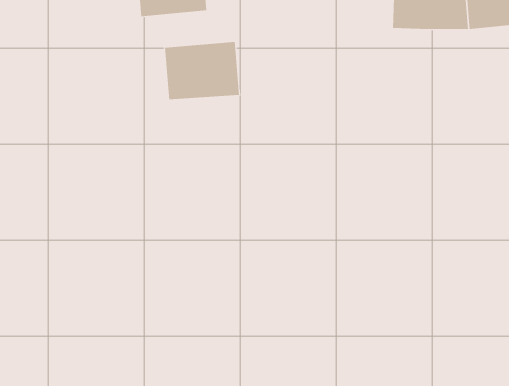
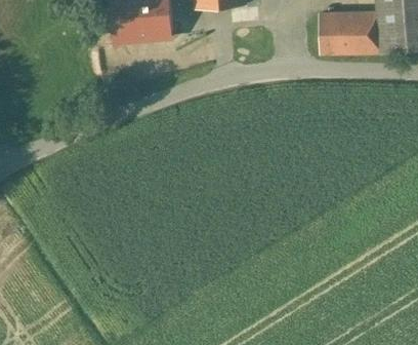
building: [165,41,239,100] -> none

